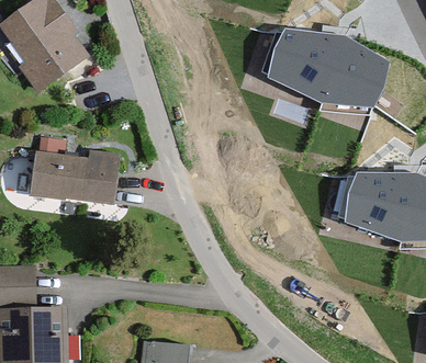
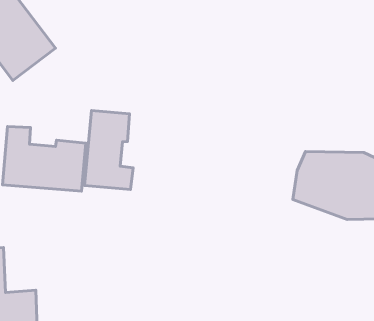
building: [262,24,385,102] -> none
building: none -> [84,111,133,189]

